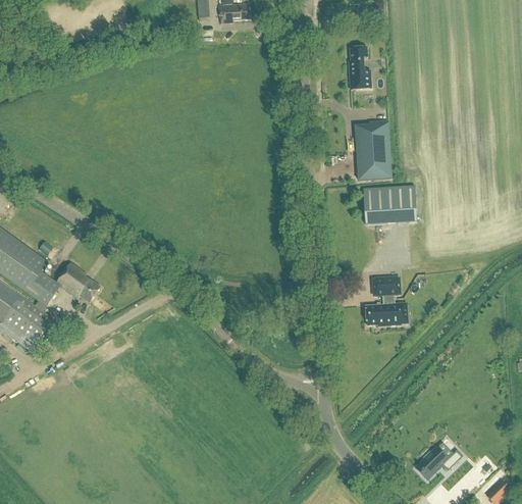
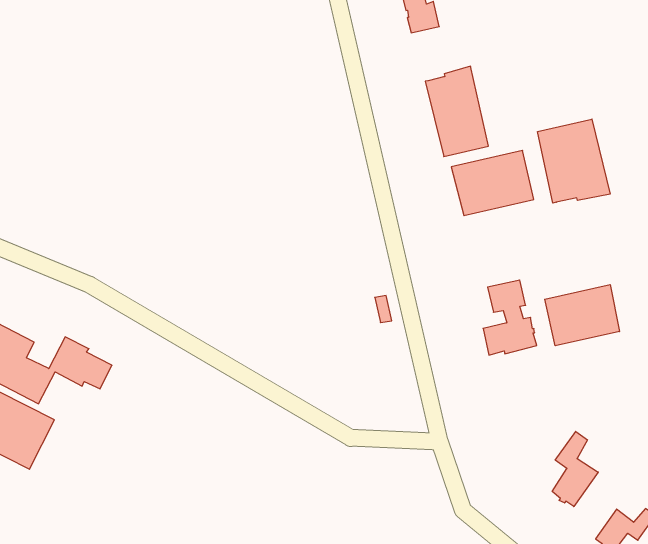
building: none -> [538,119,610,203]
building: none -> [545,285,619,346]
building: none -> [552,431,598,507]

